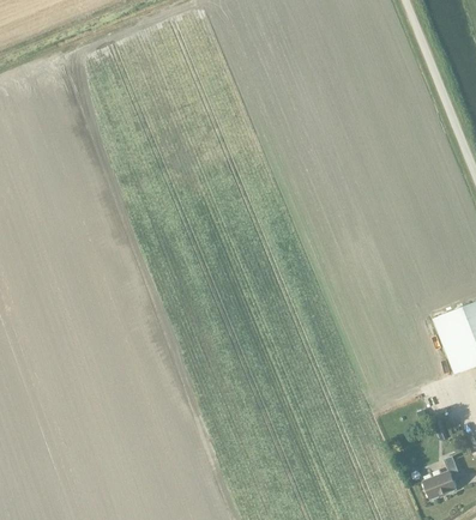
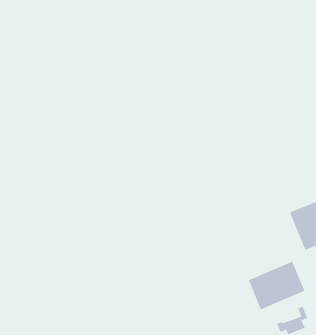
building: none -> [248,261,305,310]

